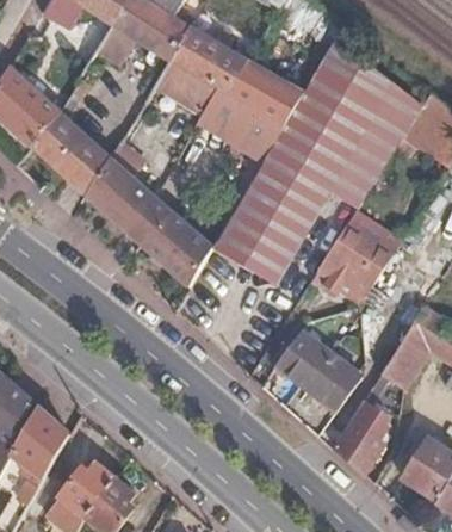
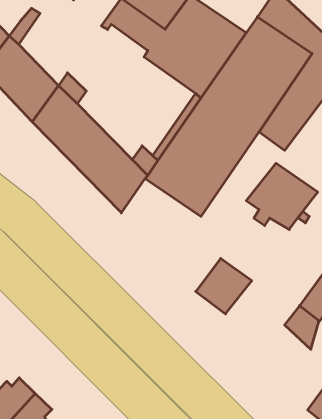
building: [307,348,364,408] -> none
building: [333,413,380,476] -> none

